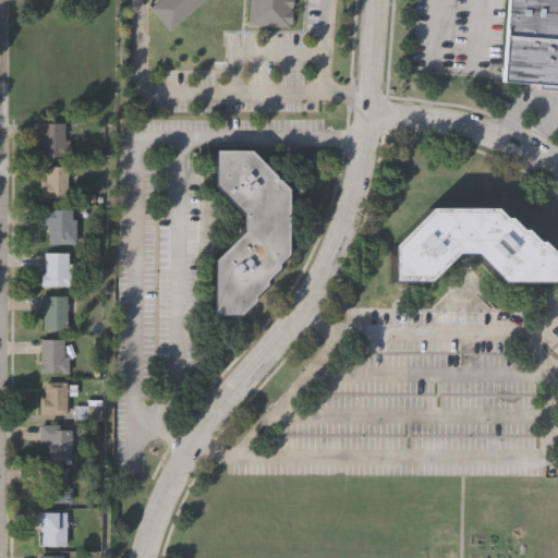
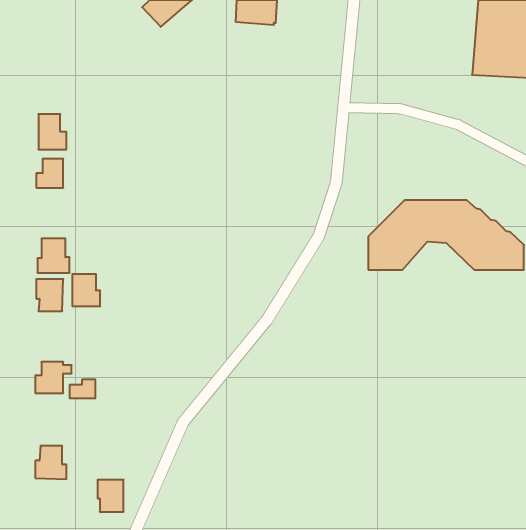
building: [215,153,289,317] -> none
building: [43,208,80,244] -> none
building: [43,337,72,371] -> [72,274,100,306]
building: [43,424,76,457] -> none
building: [44,510,71,544] -> [98,480,124,512]

